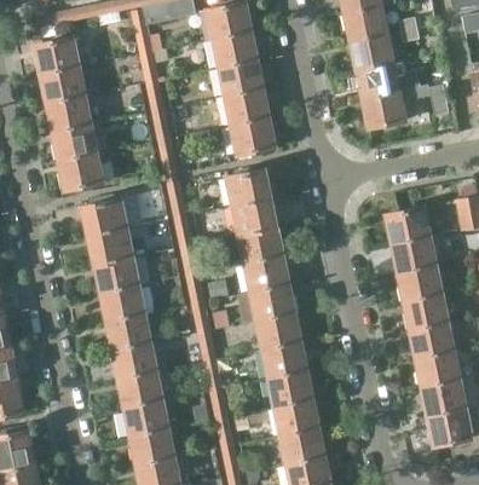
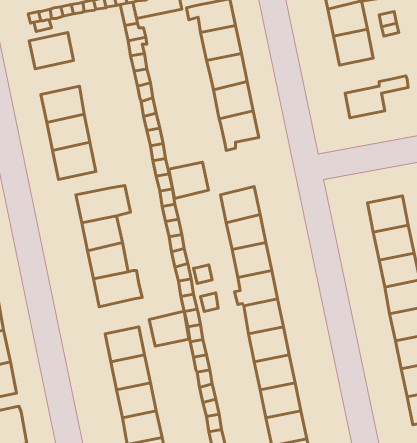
building: [358,65,421,102] -> none
building: [42,68,88,103] -> none
building: [229,169,270,207] -> [169,162,208,198]
building: [109,314,150,351] -> [149,311,189,346]

